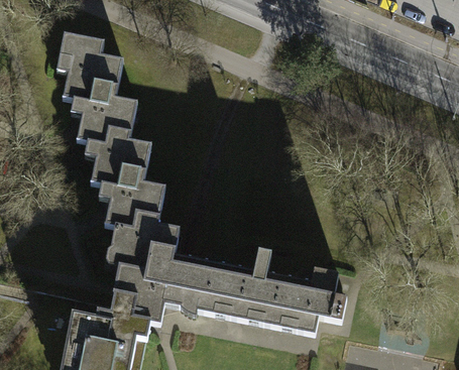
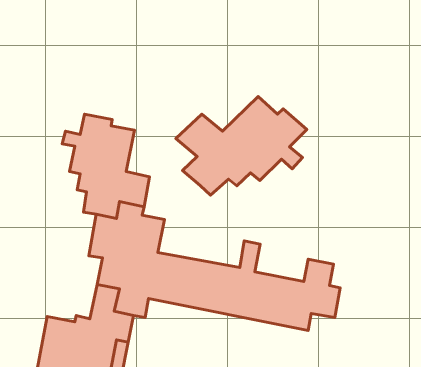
building: [54,34,137,147] -> none
building: none -> [176,96,307,195]

